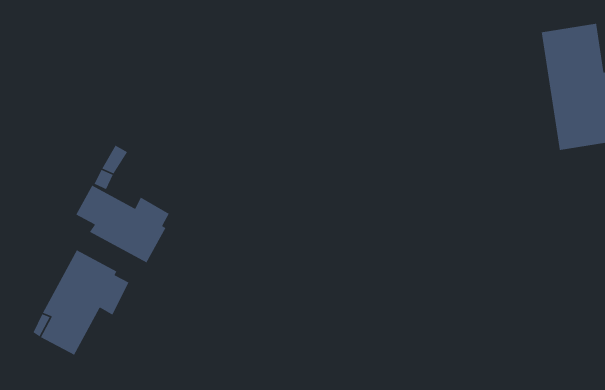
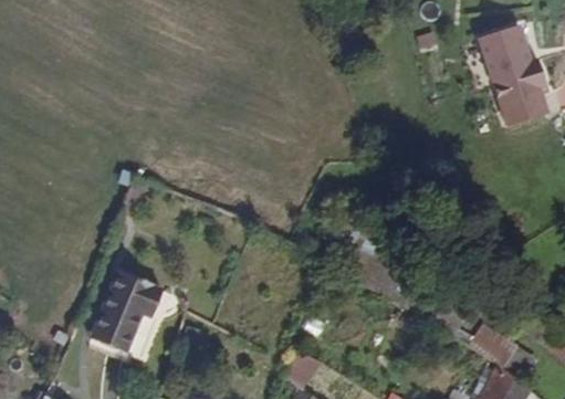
building: [75,185,170,264] -> none

